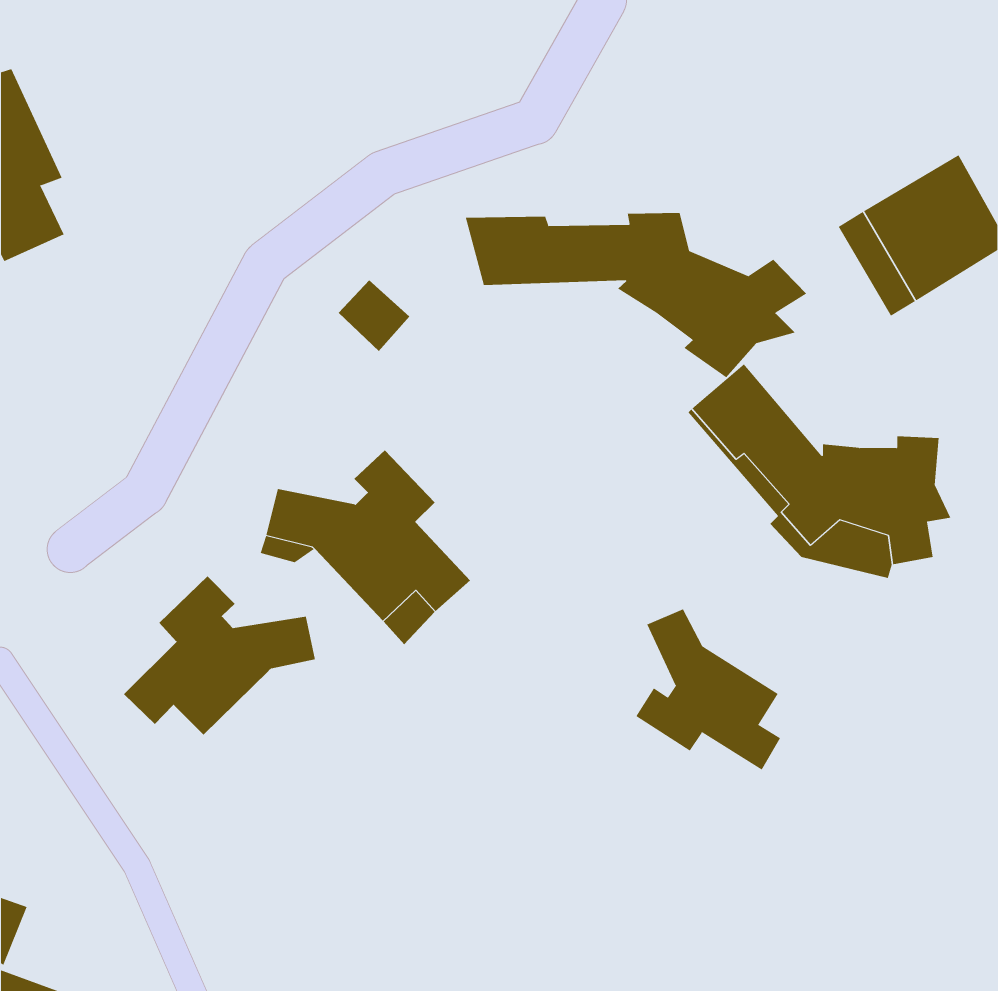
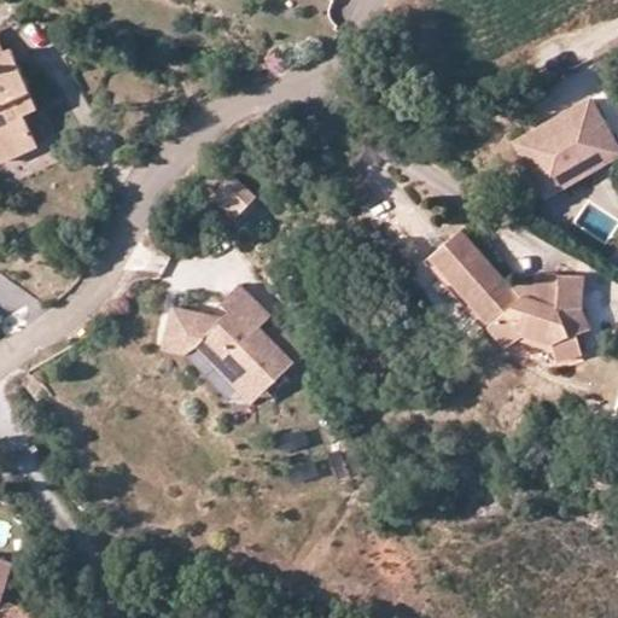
building: [465,212,807,378] -> none
building: [123,576,315,736] -> none
building: [636,609,781,770] -> none

